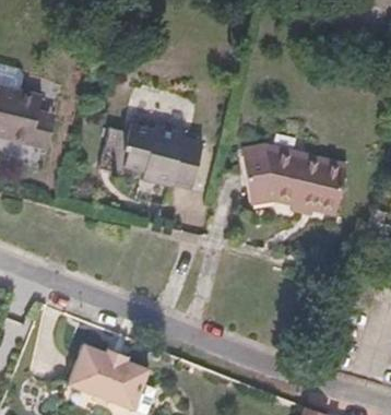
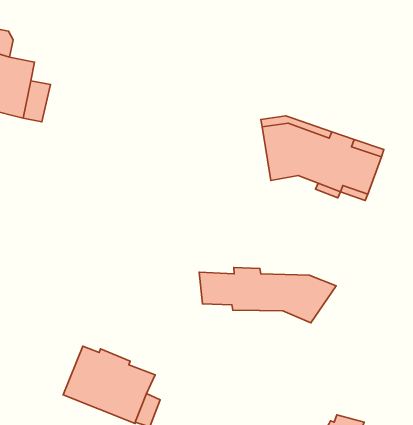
building: [122,119,201,185] -> none
building: none -> [199,267,336,323]

